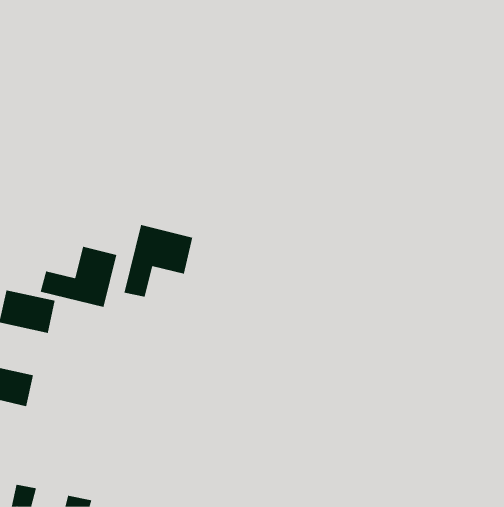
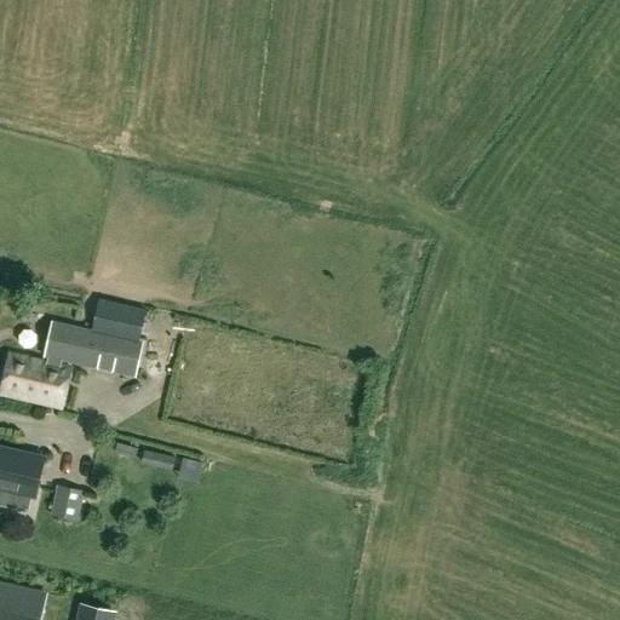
building: [124,224,193,298] -> none
building: none -> [48,484,81,521]

